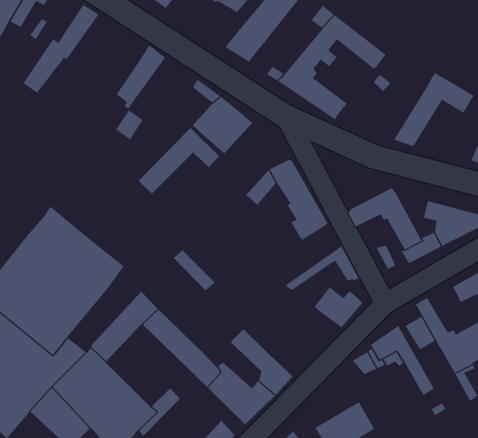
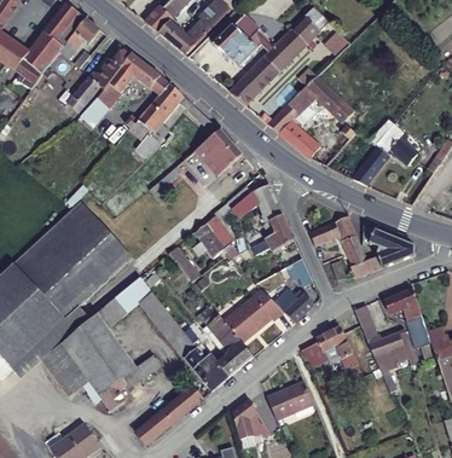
building: none -> [80,53,168,124]
building: none -> [196,218,226,257]
building: none -> [222,289,282,342]

